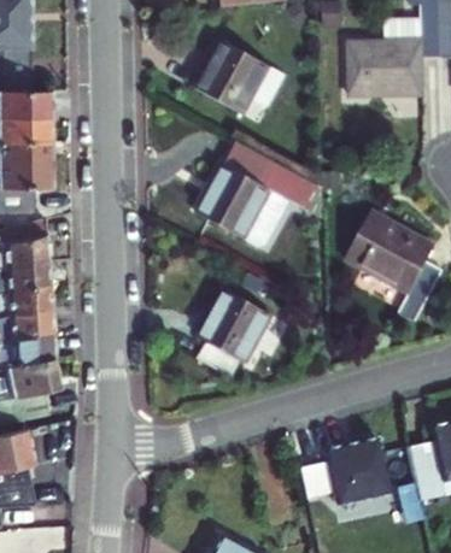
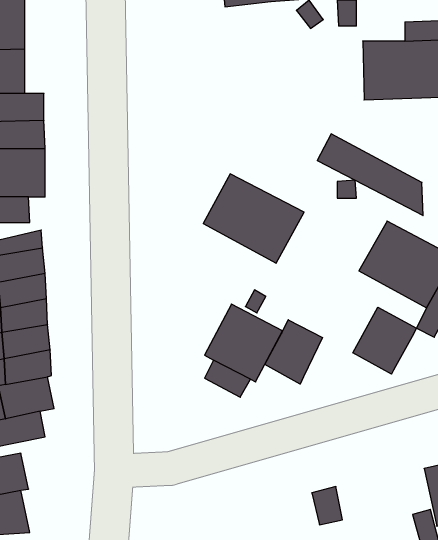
building: [197,40,270,113] -> none
building: [223,141,323,218] -> [317,134,423,216]
building: none -> [353,307,416,374]
building: none -> [265,320,323,384]
building: [326,437,388,502] -> none

